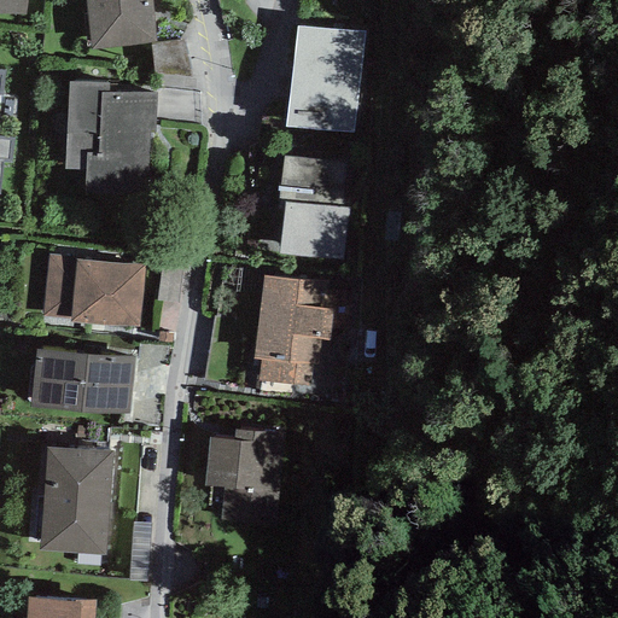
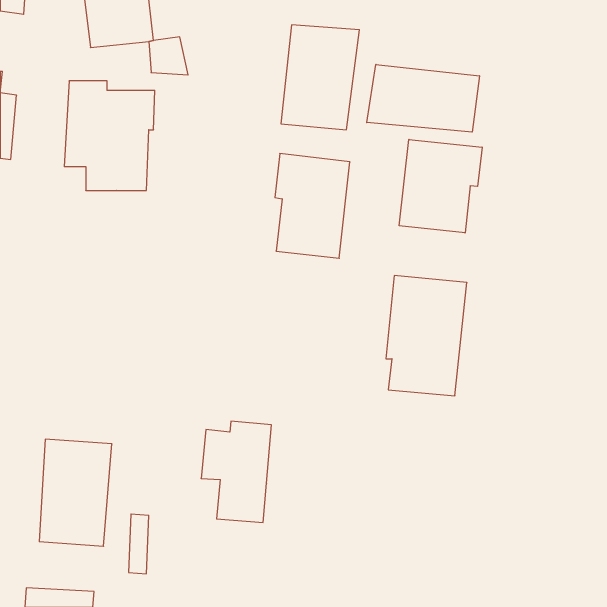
building: none -> [367,64,479,132]
building: none -> [399,139,482,233]
building: [43,255,147,327] -> none
building: [253,275,336,397] -> [386,276,467,396]
building: [33,348,135,414] -> none

